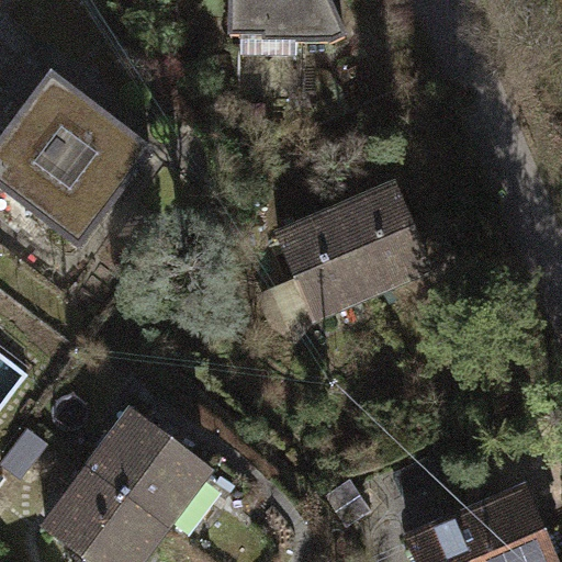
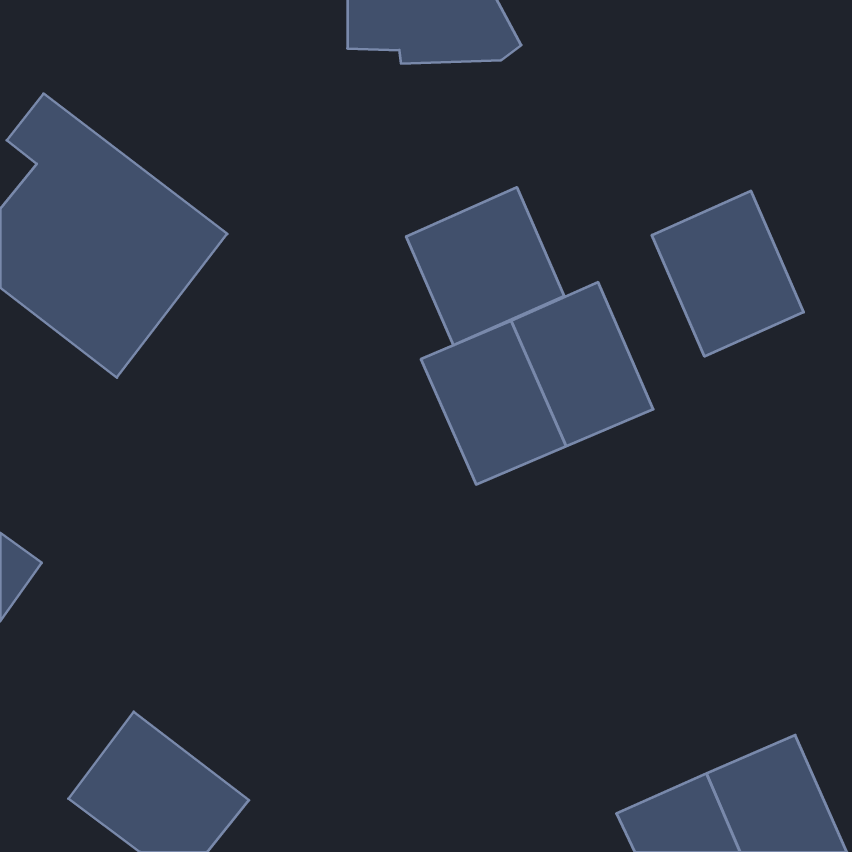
building: none -> [406,187,564,345]
building: none -> [652,191,804,356]
building: [89,412,209,526] -> none

